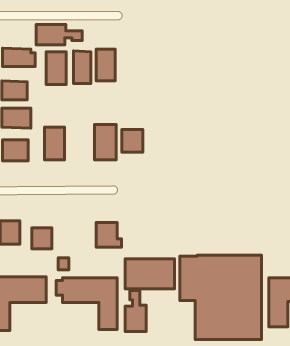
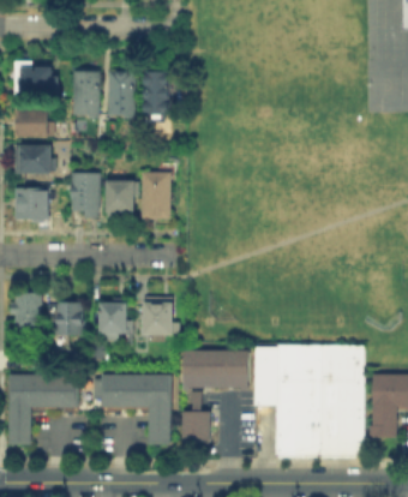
building: [36,25,82,45] -> none
building: [122,129,143,152] -> [108,182,136,212]
building: none -> [104,303,130,341]

